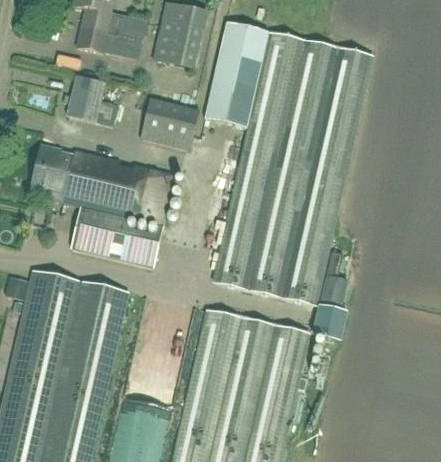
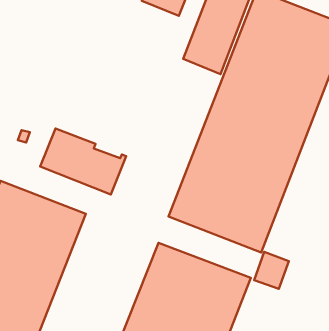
building: [67,75,117,125] -> none
building: [140,98,198,147] -> none
building: [31,143,175,223] -> none
building: [322,274,348,303] -> none

